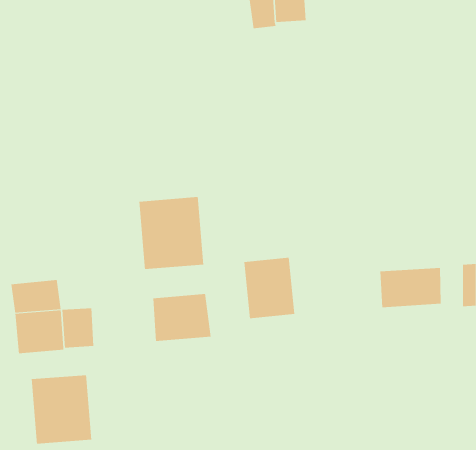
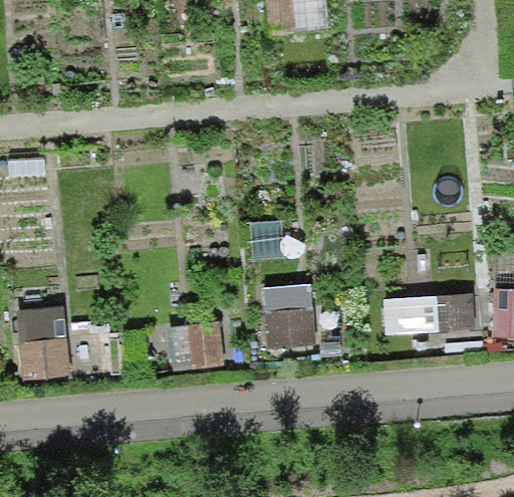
building: [139,196,204,270] -> none
building: [31,374,92,444] -> none

